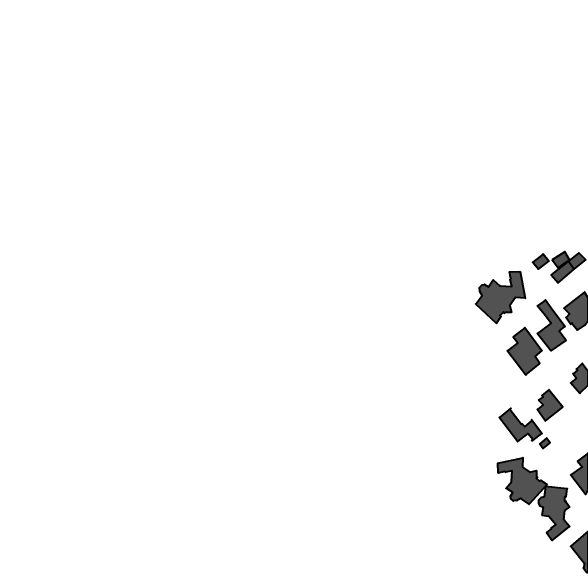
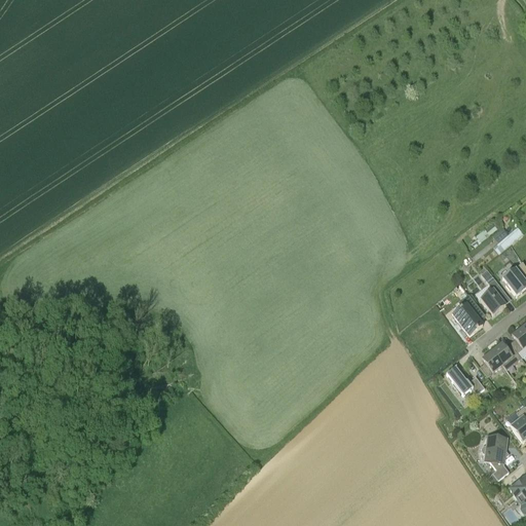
building: [476,272,525,323] -> none
building: none -> [490,342,521,369]
building: [498,458,547,504] -> none

